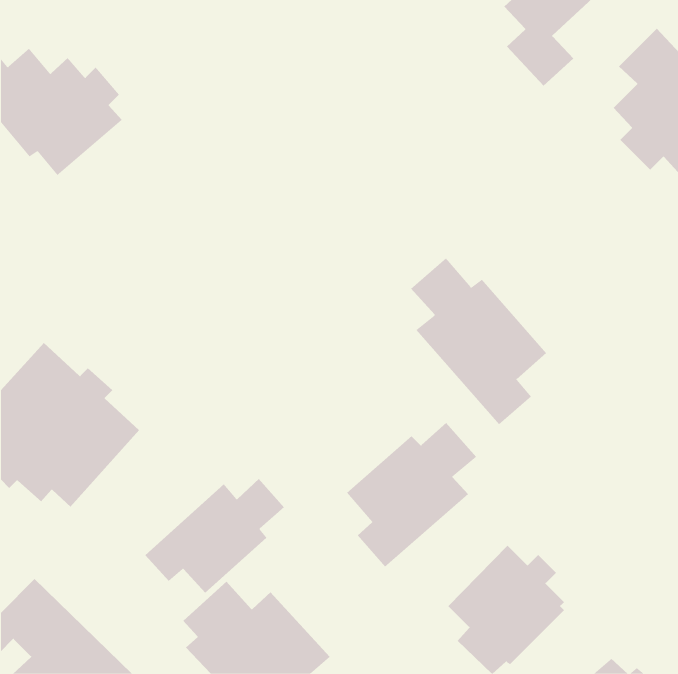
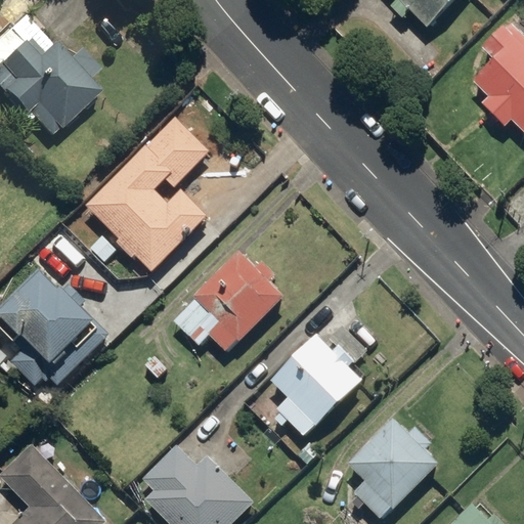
building: none -> [83,118,209,275]
building: [410,258,547,425] -> none
building: none -> [175,252,286,353]
building: [145,478,285,594] -> none

